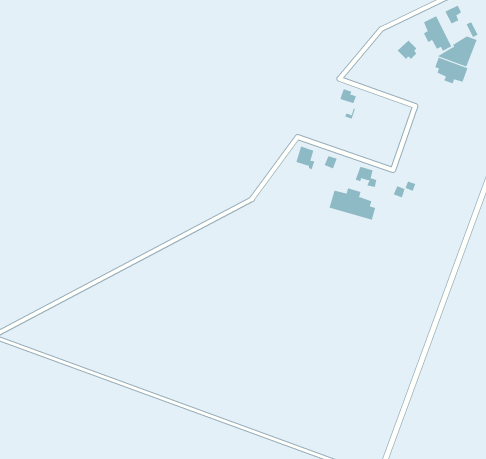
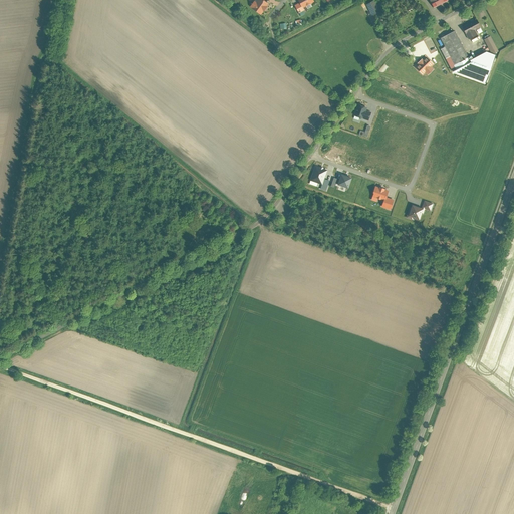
building: [434,57,468,84] -> none
building: [329,188,376,221] -> none

